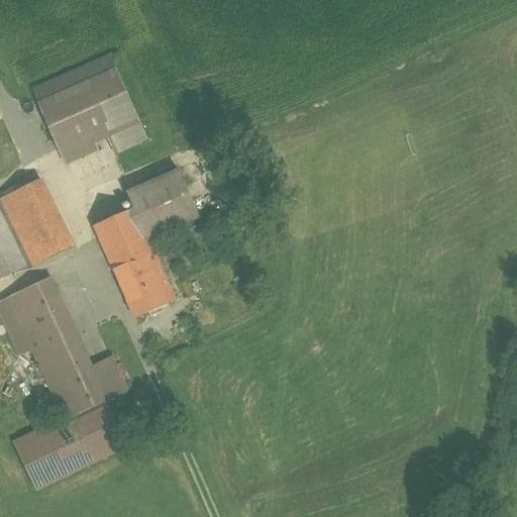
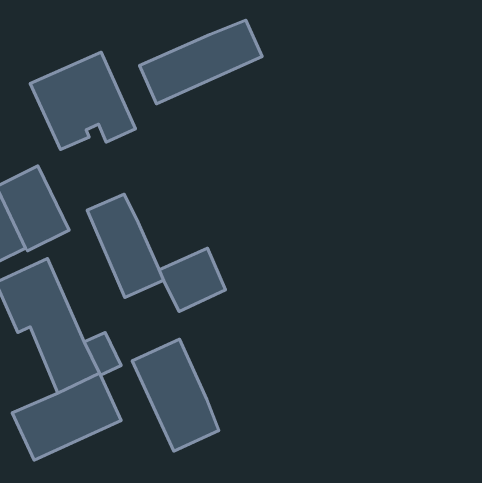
building: none -> [140,20,262,104]
building: [126,170,197,237] -> [159,248,226,311]
building: none -> [132,339,219,451]

